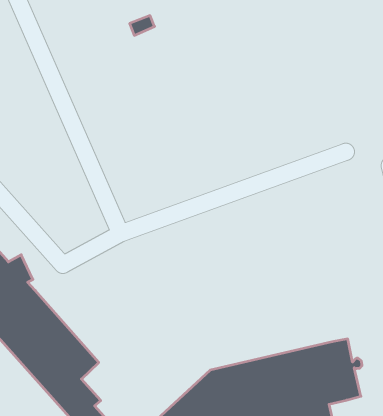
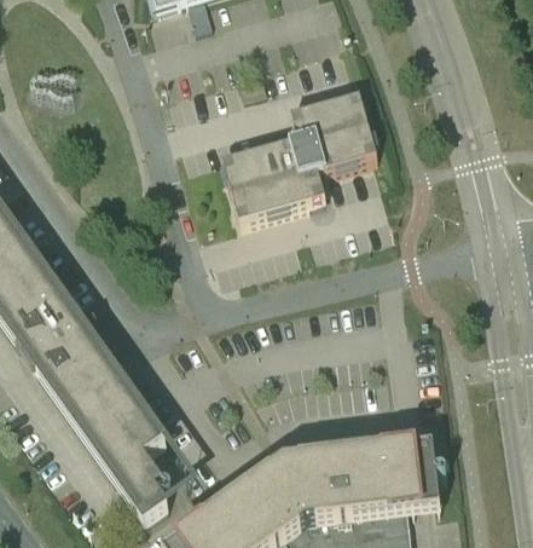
building: none -> [222,92,377,218]

